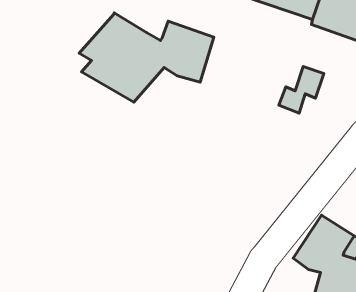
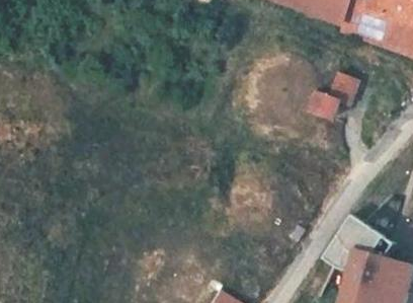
building: [79,13,214,102] -> none

